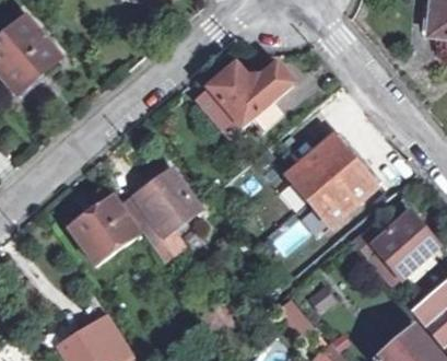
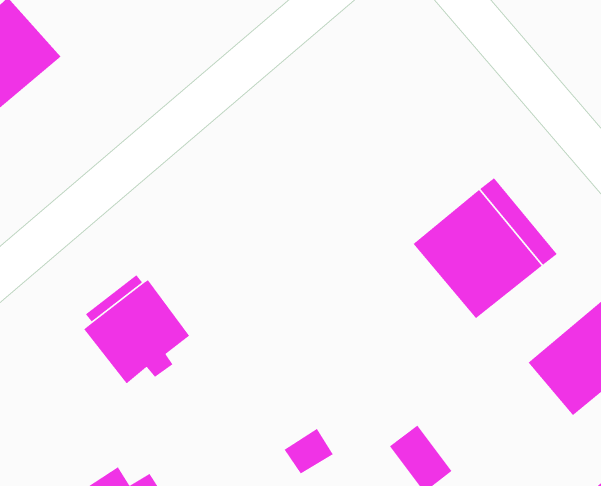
building: [195,62,291,135] -> none
building: [119,166,199,256] -> none

